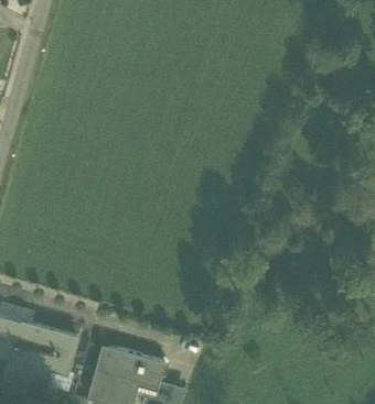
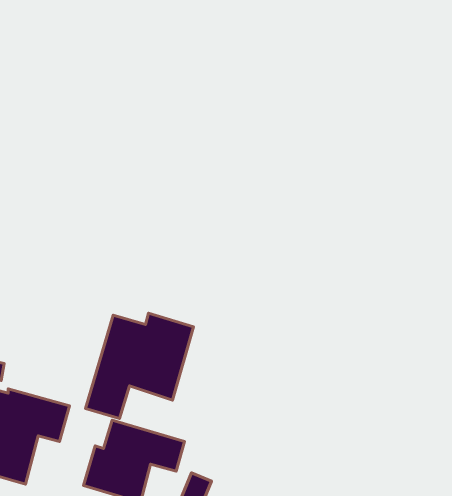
building: none -> [86,313,194,419]

